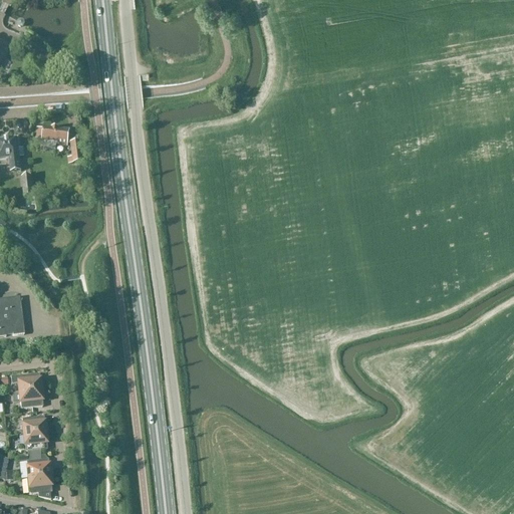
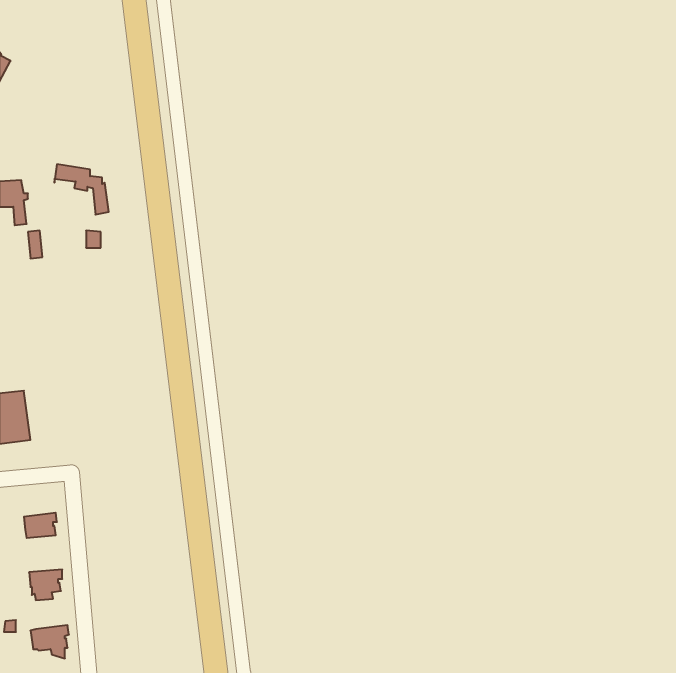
building: [9,372,42,392] -> none
building: [21,416,47,434] -> none
building: [21,454,51,477] -> none

